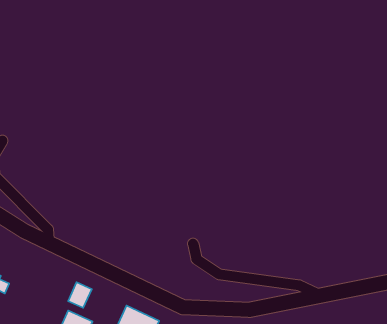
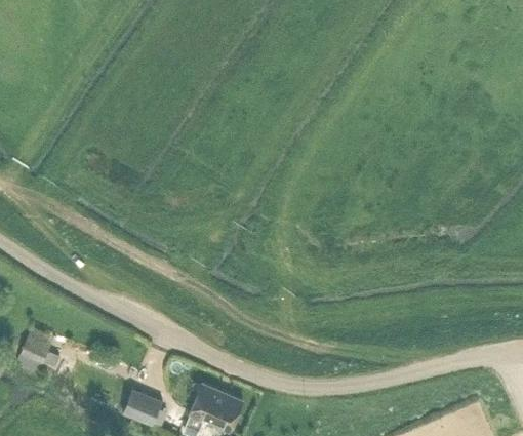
building: [68,282,92,308] -> none

